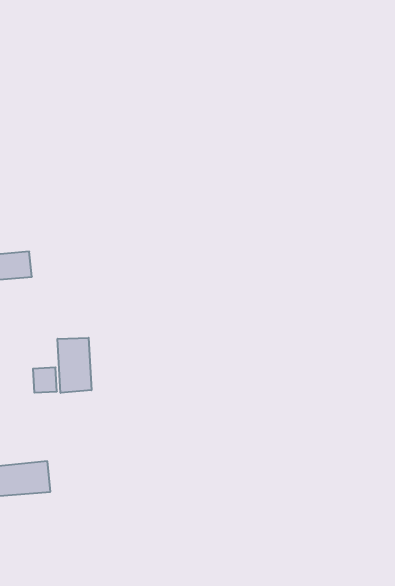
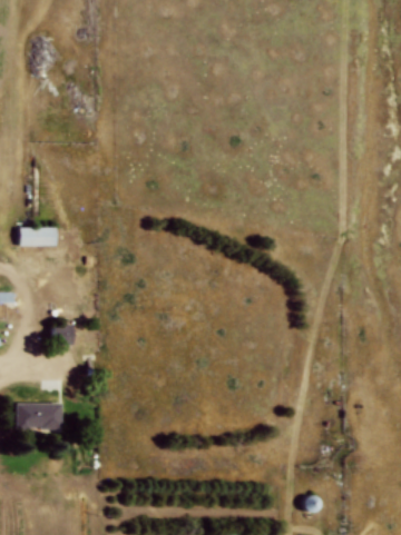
building: [58,338,91,393] -> none

